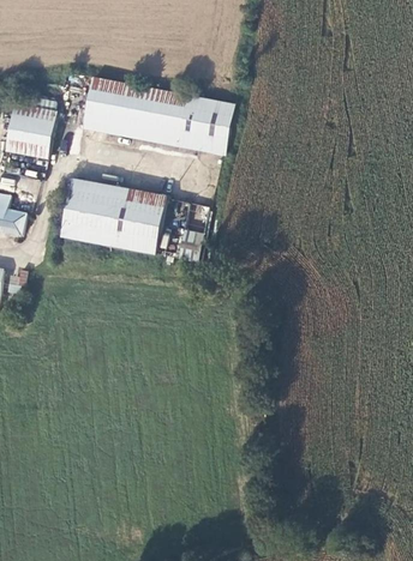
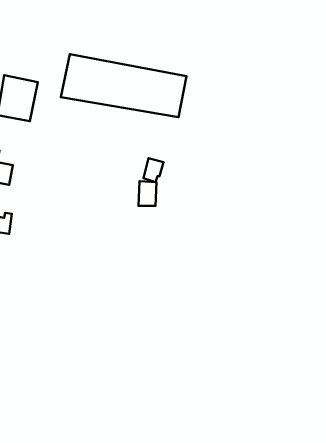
building: [62,177,166,253] -> none

